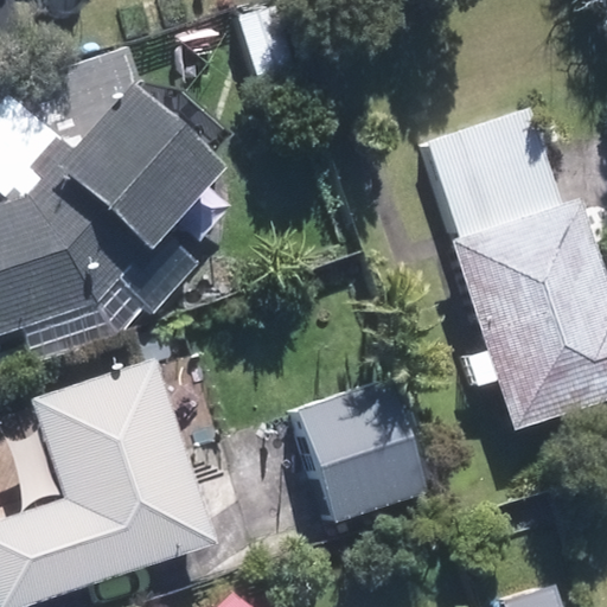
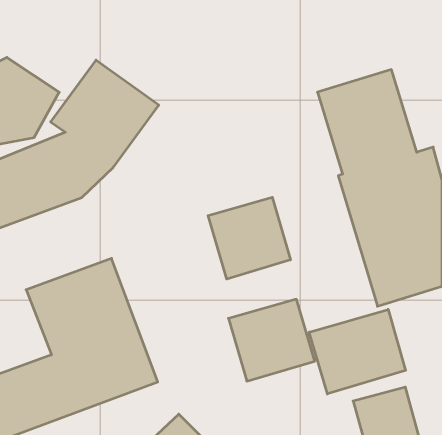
building: none -> [208,197,290,279]
building: none -> [309,309,406,394]

